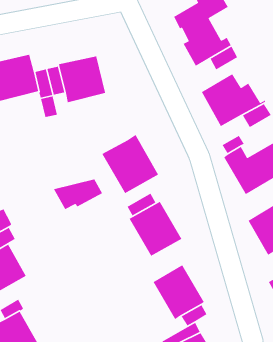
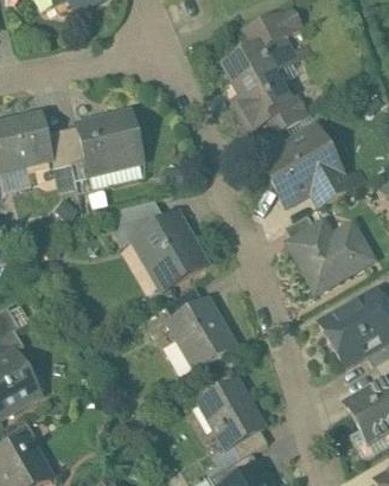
building: [53,179,103,210] -> [102,200,166,241]

